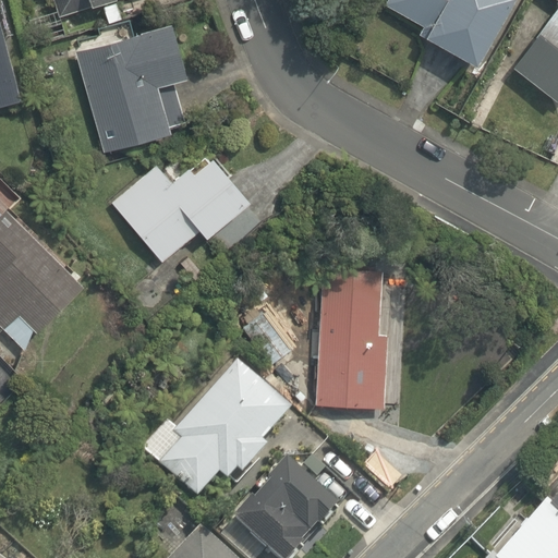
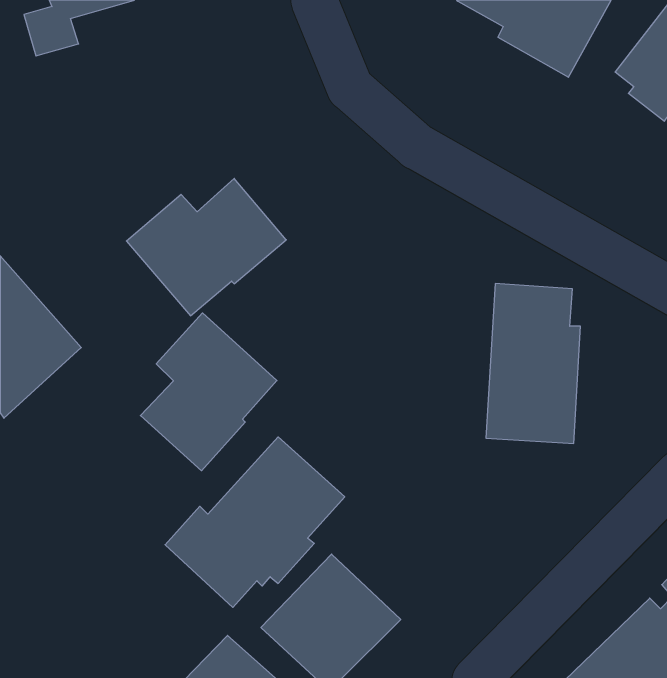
building: [77,21,185,154] -> none
building: none -> [140,313,277,471]
building: [317,276,395,407] -> [486,284,580,443]

